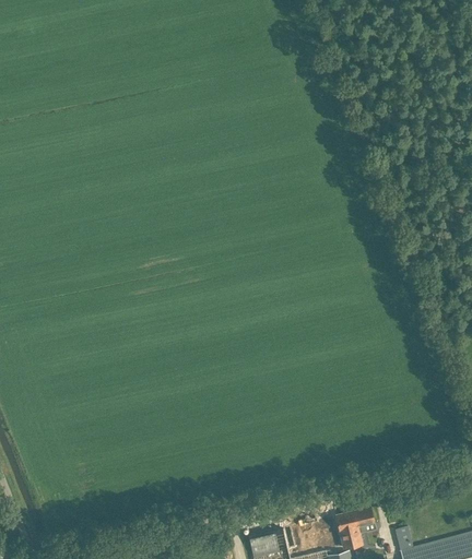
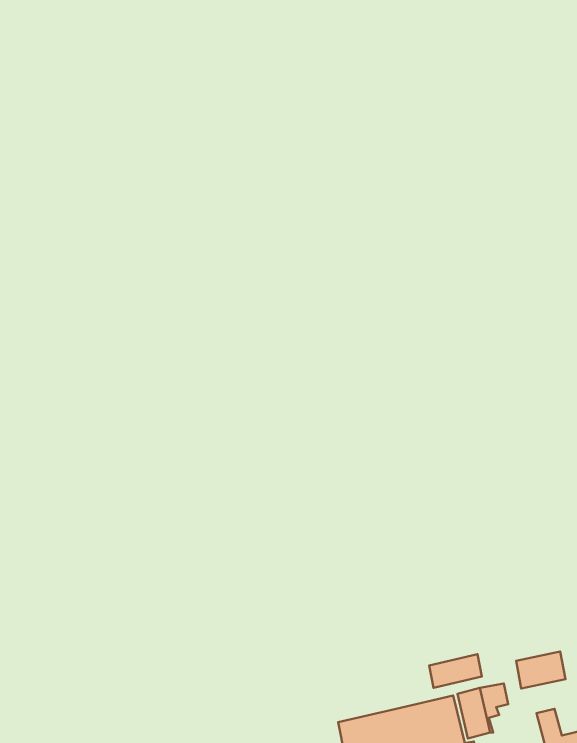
building: none -> [516,652,565,689]
building: none -> [429,654,482,688]

